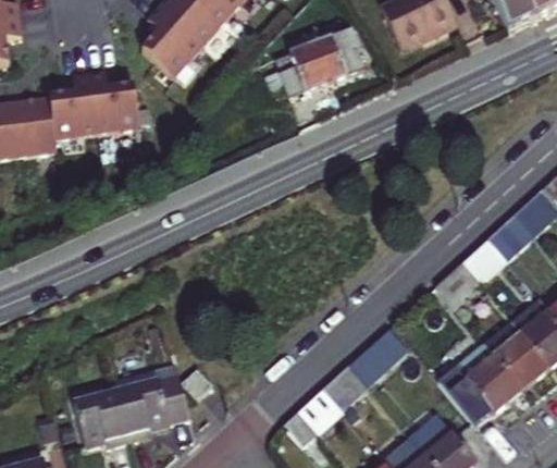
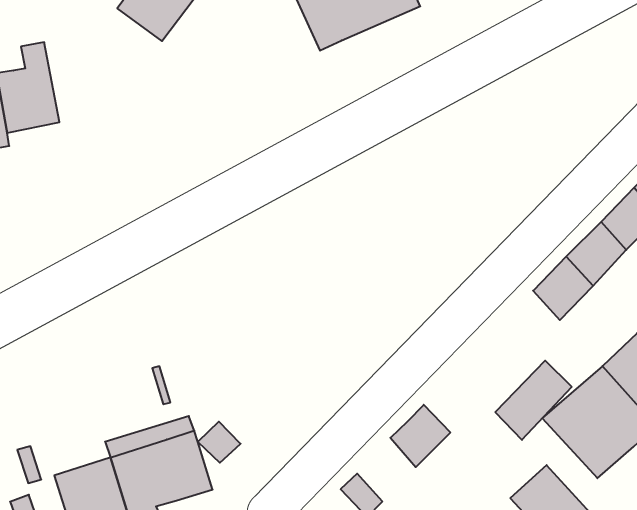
building: [86,76,133,138] -> none
building: [350,328,408,385] -> [495,361,572,440]
building: [298,386,342,433] -> none

